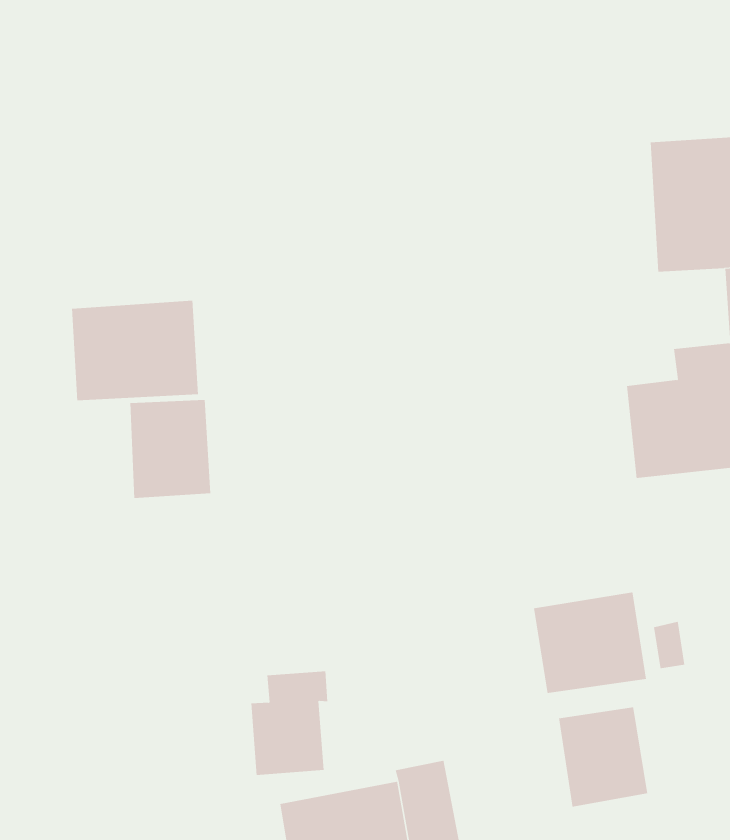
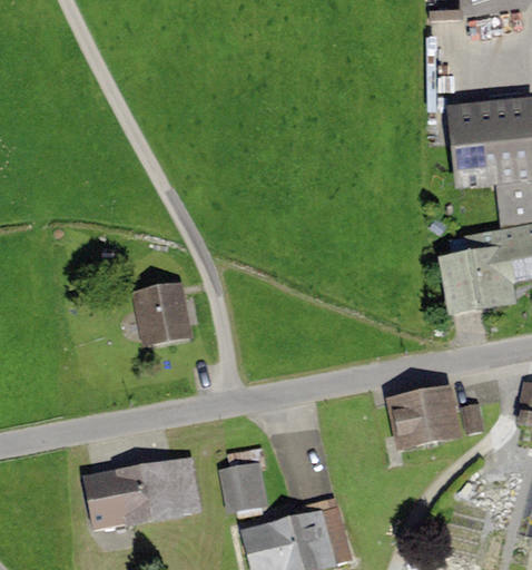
building: [72,300,199,401] -> none
building: none -> [81,452,203,532]
building: [559,706,648,808] -> none

